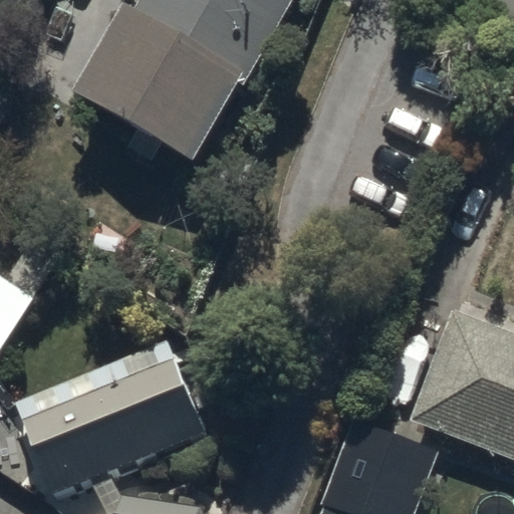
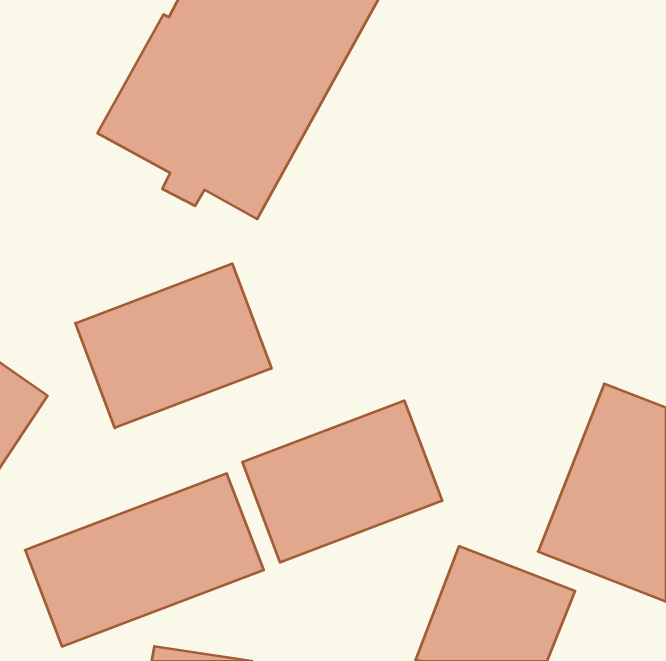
building: none -> [75,264,271,428]
building: none -> [242,401,442,562]

